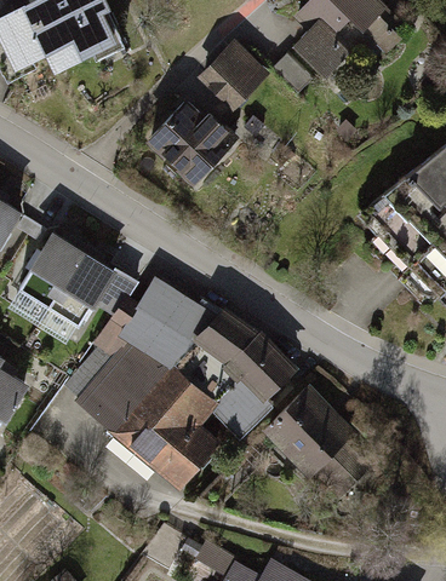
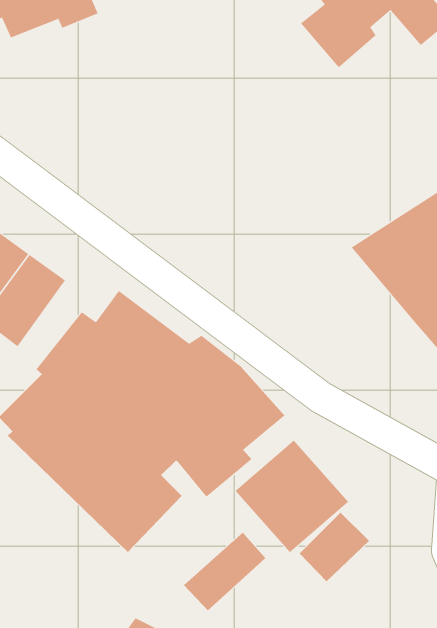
building: [198,41,269,113] -> none
building: [147,100,239,186] -> none
building: none -> [183,532,266,611]

